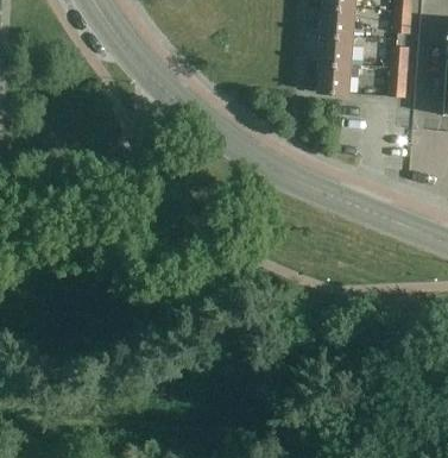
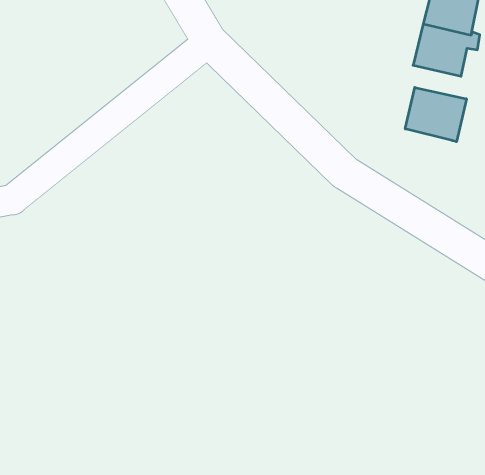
building: none -> [405,87,466,142]

